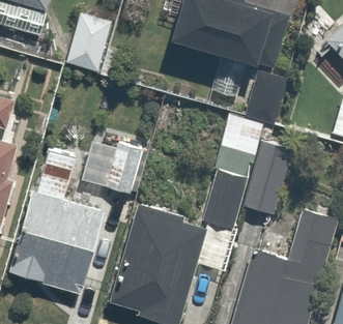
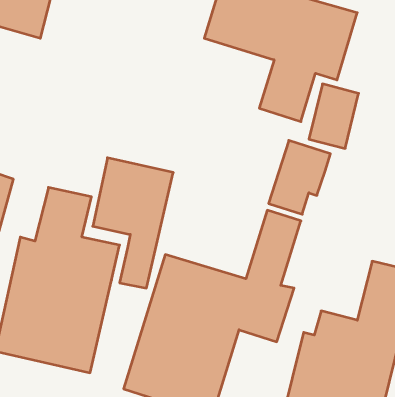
building: [68,12,114,69] -> none
building: [248,140,296,215] -> none

